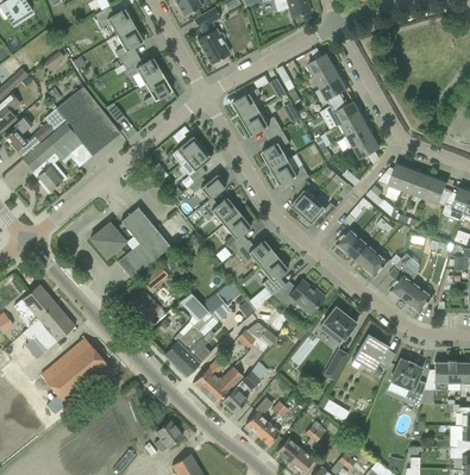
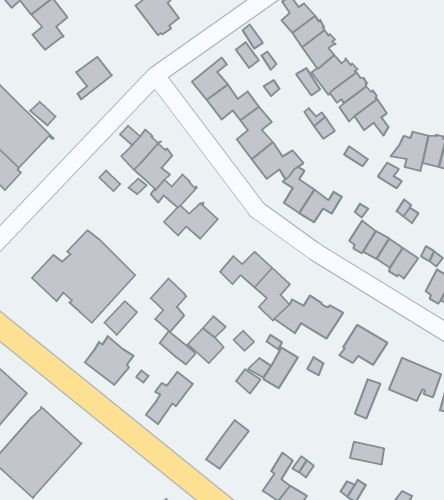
building: [114,56,163,85] -> none
building: [224,212,251,252] -> [151,279,186,331]
building: [173,339,211,377] -> none
building: [193,358,225,395] -> none
building: [221,362,268,414] -> none

